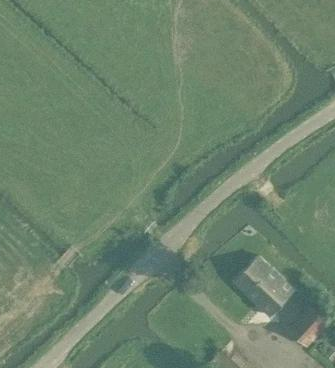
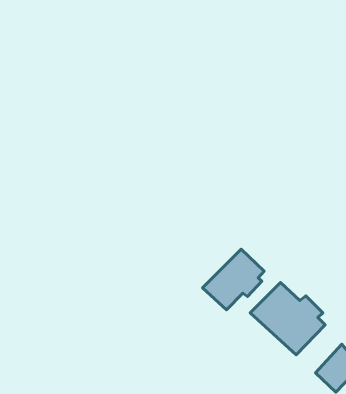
building: none -> [203,249,264,310]

